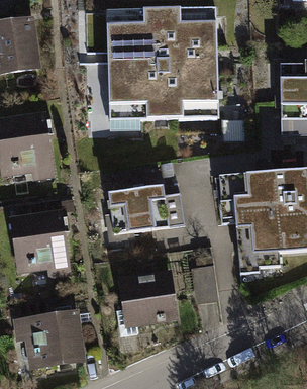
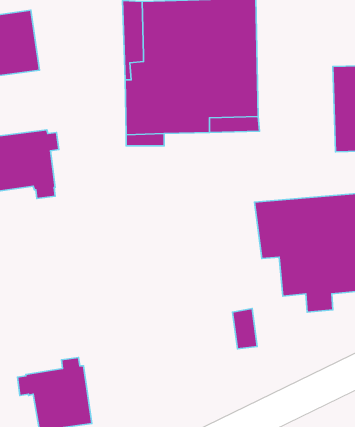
building: [108,184,185,232] -> none
building: [12,212,70,270] -> none
building: [117,273,175,333] -> none

